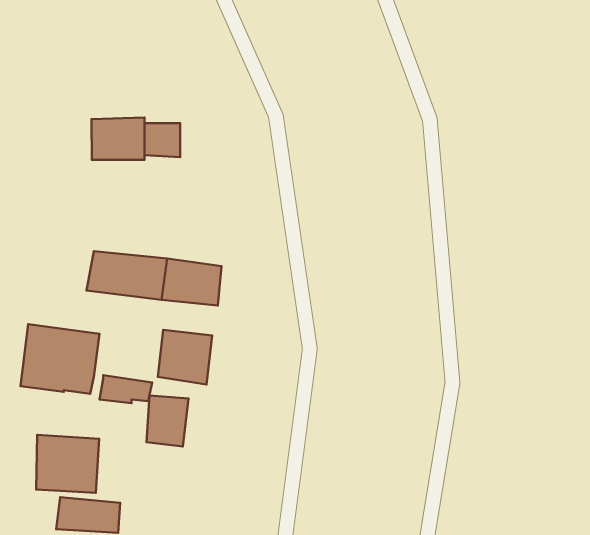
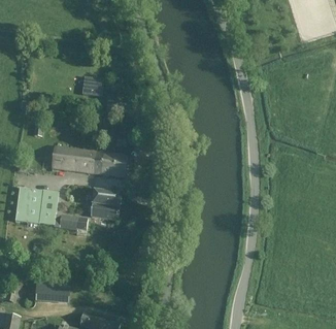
building: [92,117,145,160] -> none
building: [146,396,188,447] -> none
building: [36,435,99,493] -> none

